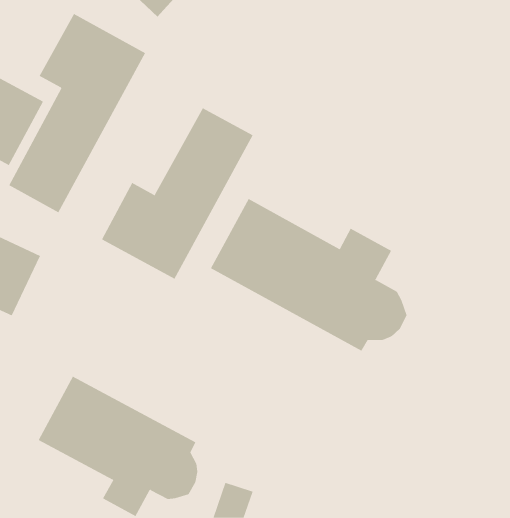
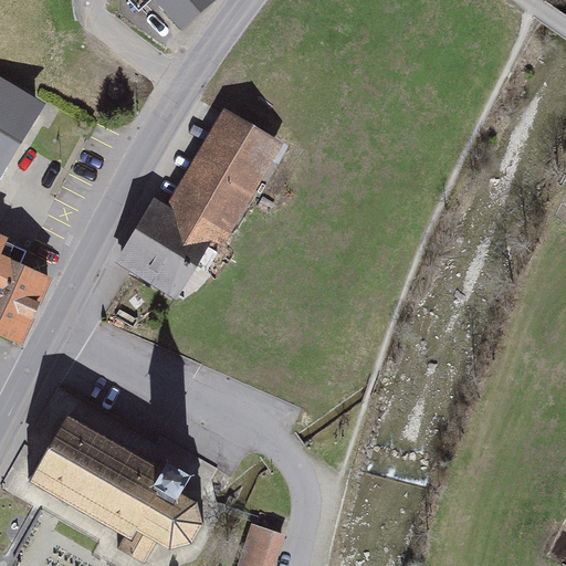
building: [8,13,146,213] -> none
building: [210,198,407,352] -> none

